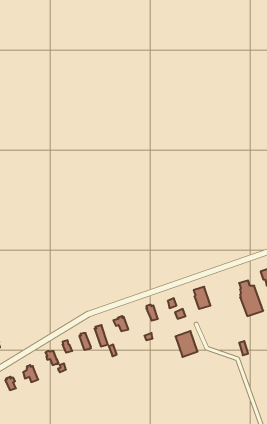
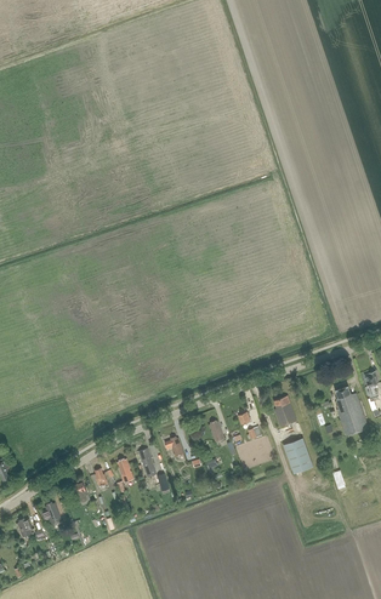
building: [175,331,198,357] -> [283,438,313,473]

